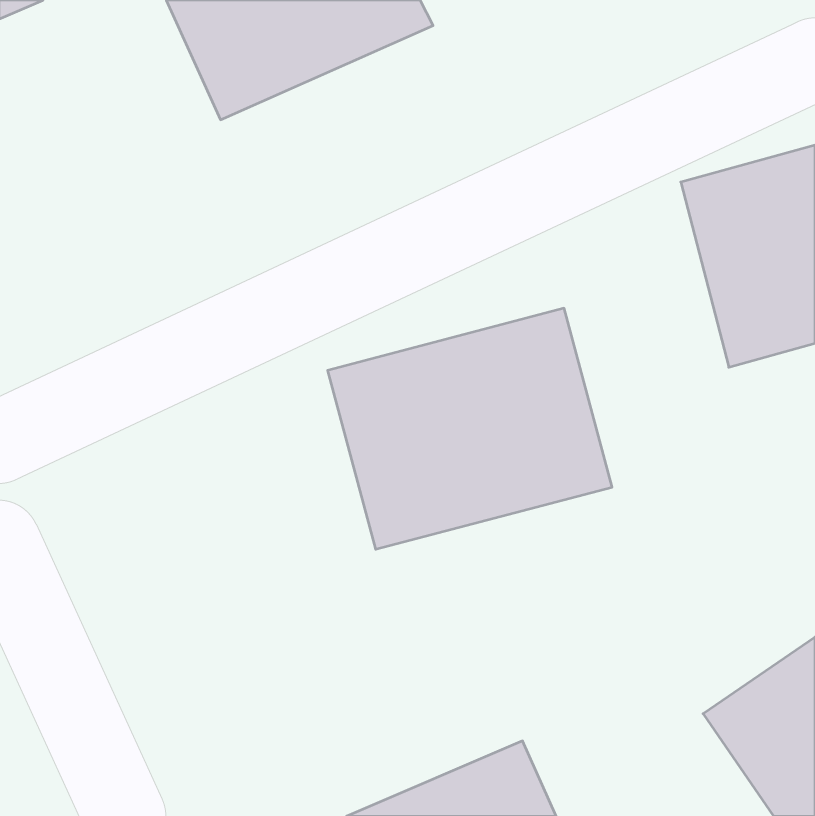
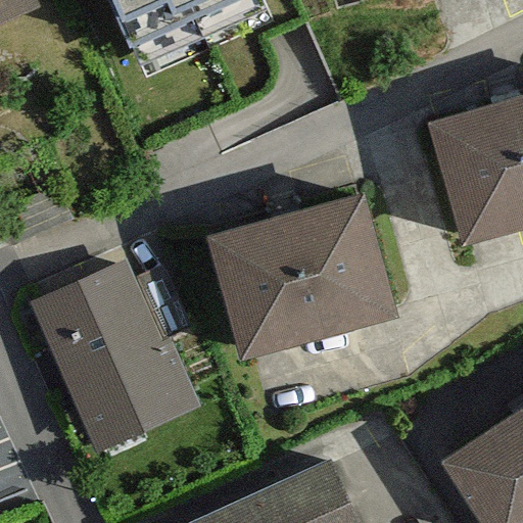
building: none -> [34,260,194,447]

